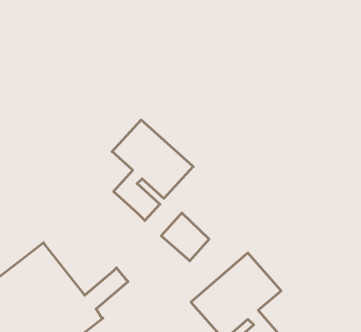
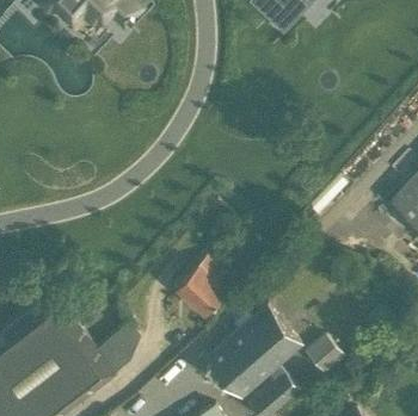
building: [112,120,193,221] -> none
building: none -> [302,334,343,375]

